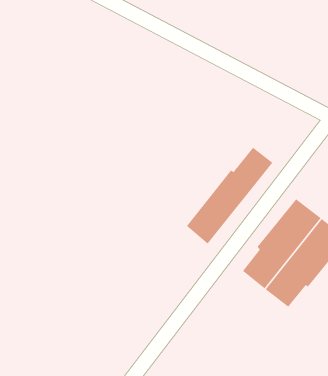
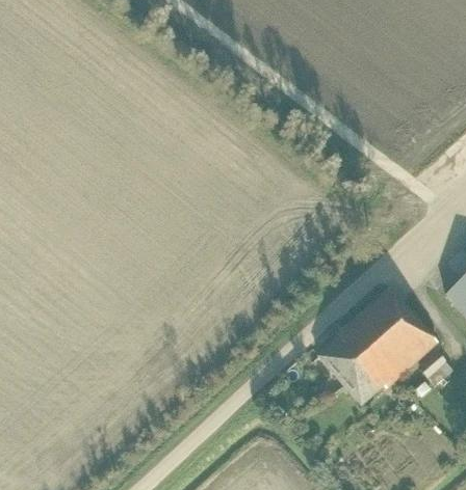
building: [186,147,273,244] -> none

